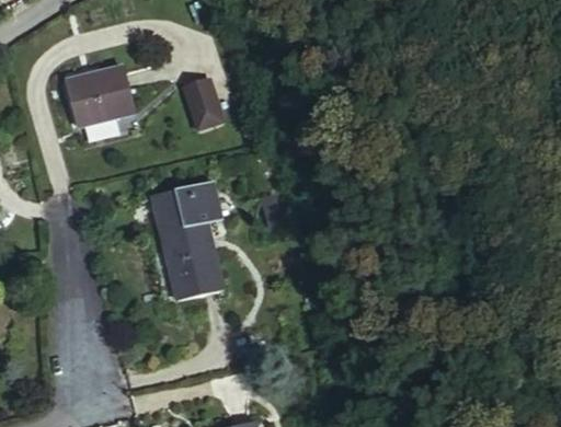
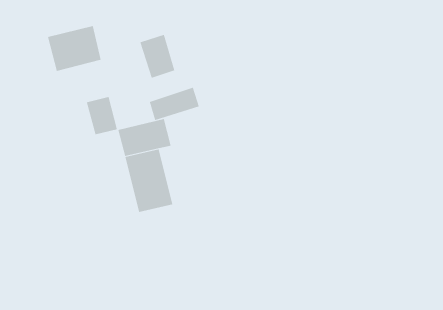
building: none -> [149,87,199,121]
building: none -> [86,96,117,135]

